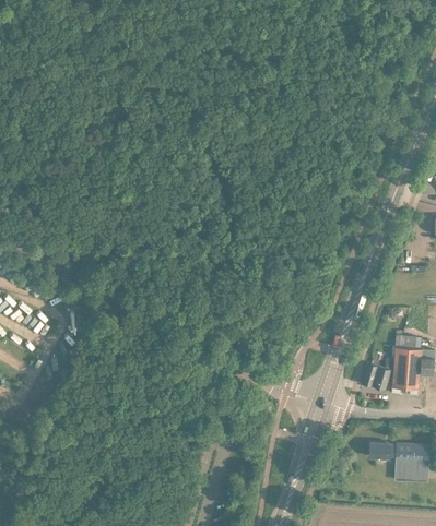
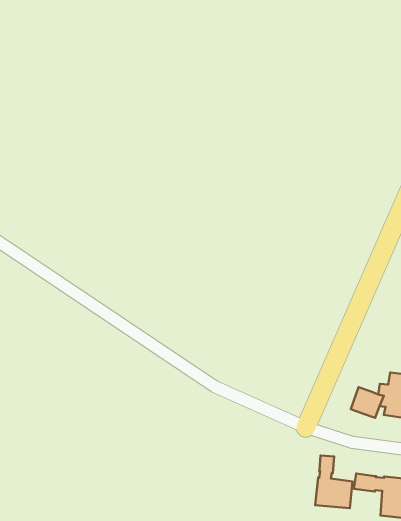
building: none -> [315,455,353,508]

